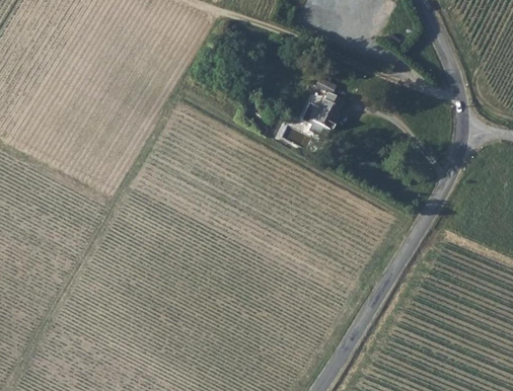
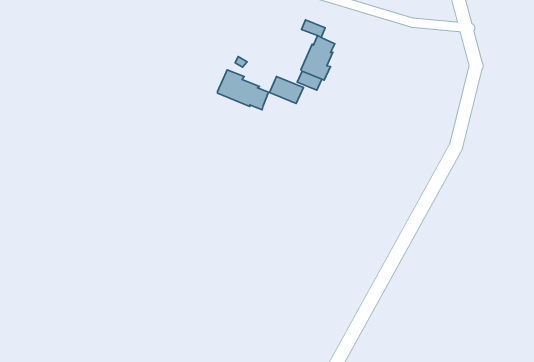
building: none -> [218,70,268,110]

